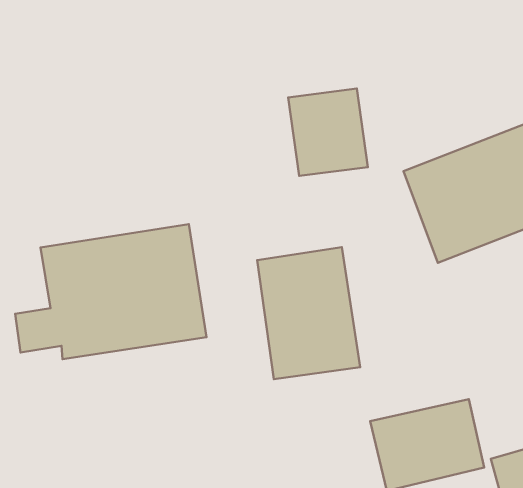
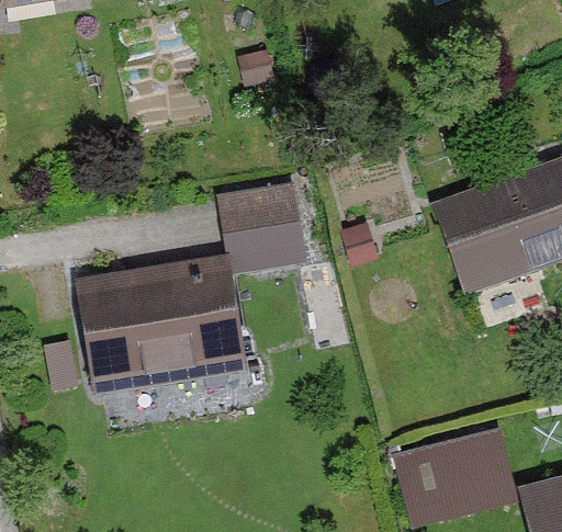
building: [288,88,368,176] -> [223,184,302,271]
building: [257,247,360,379] -> none

